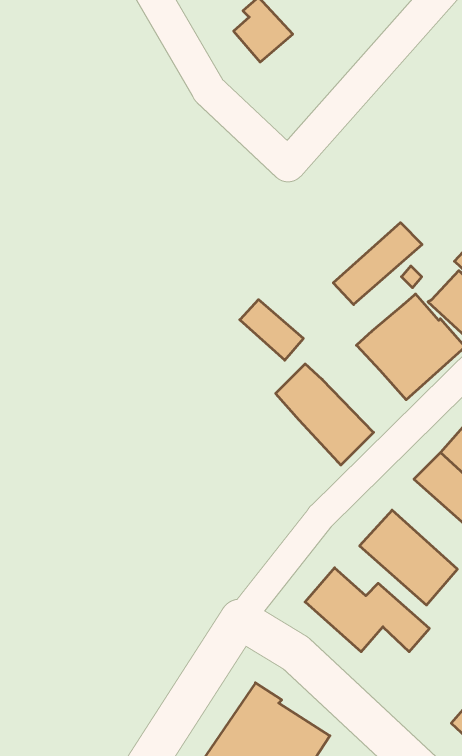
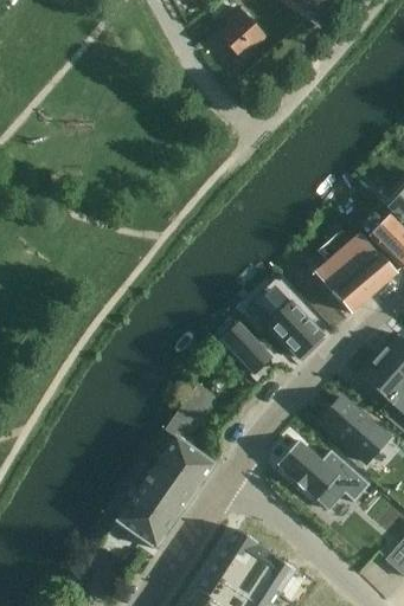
building: [333,223,422,305] -> none
building: [240,300,303,360] -> [224,324,272,370]
building: none -> [102,380,219,561]

